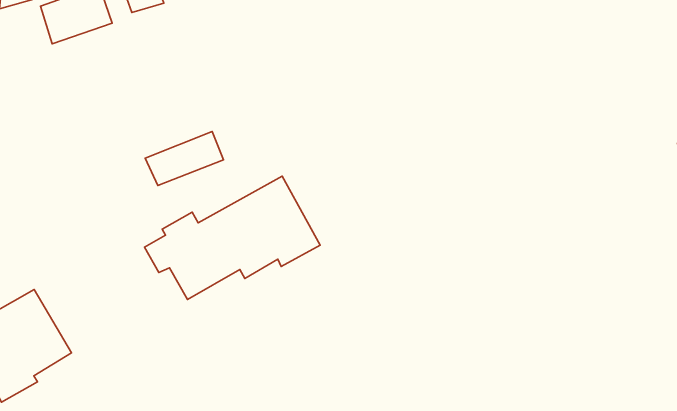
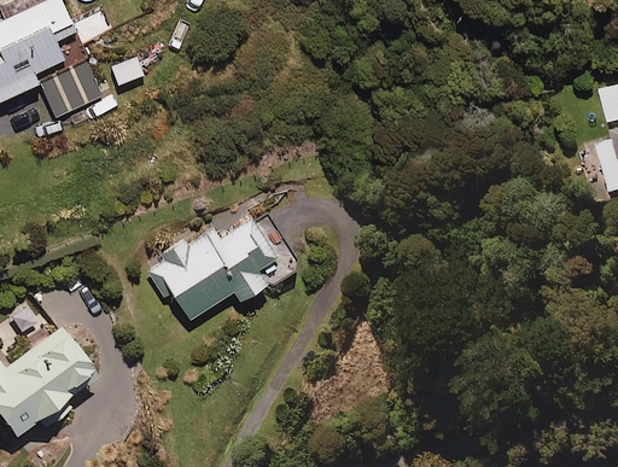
building: [145,131,224,186] -> none

